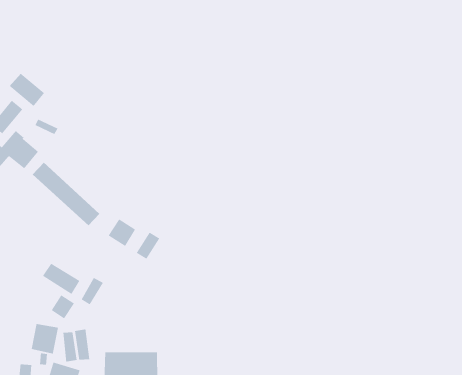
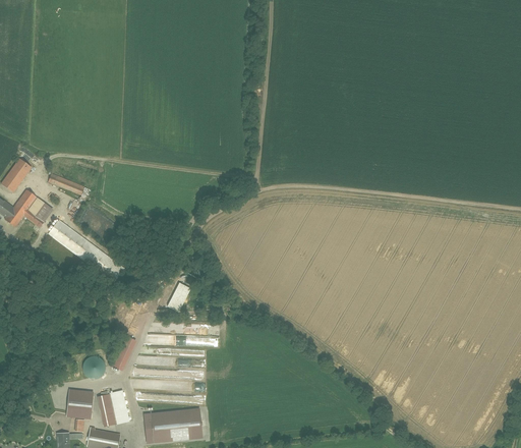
building: [9,73,45,107] -> none
building: [108,219,136,247] -> none
building: [42,263,80,295] -> none

